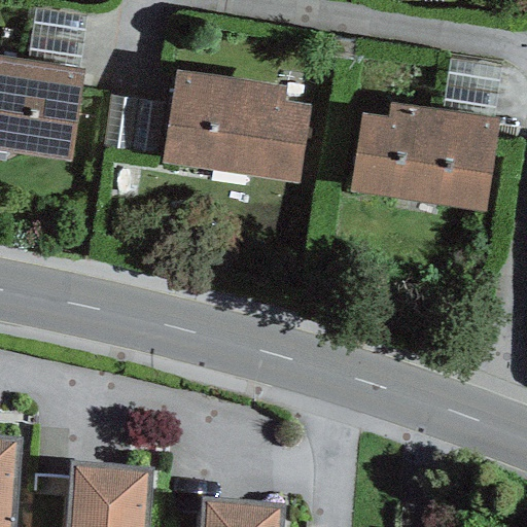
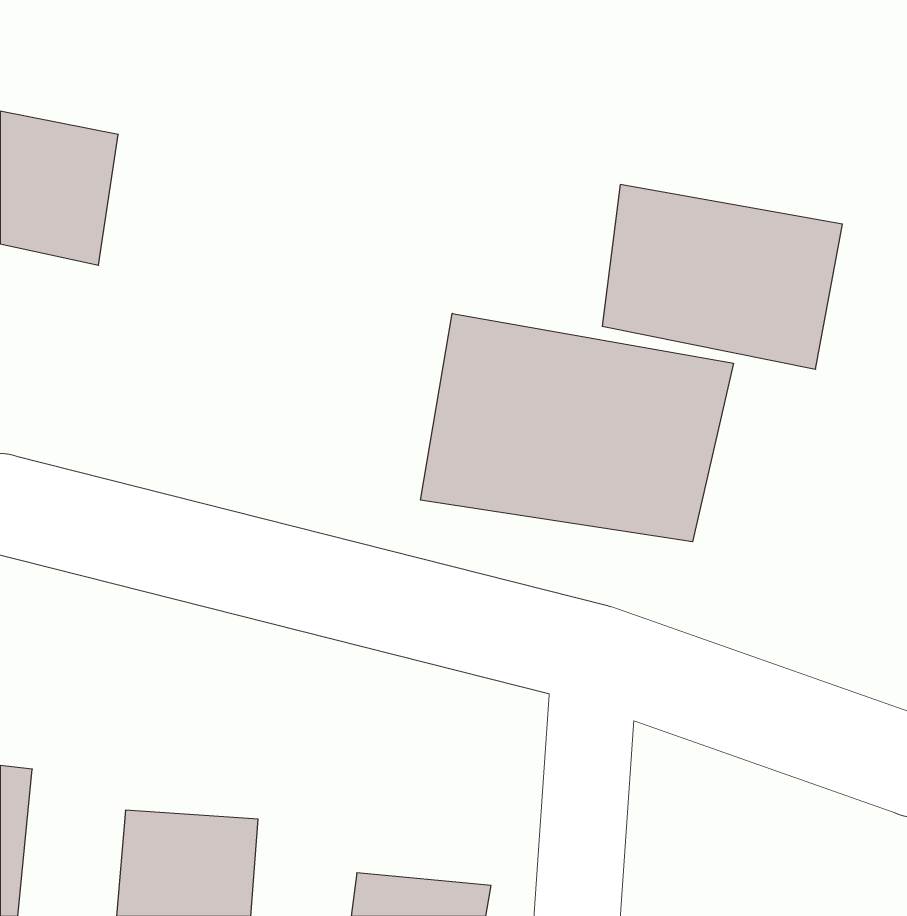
building: [159,77,301,177] -> none
building: none -> [421,313,733,542]

